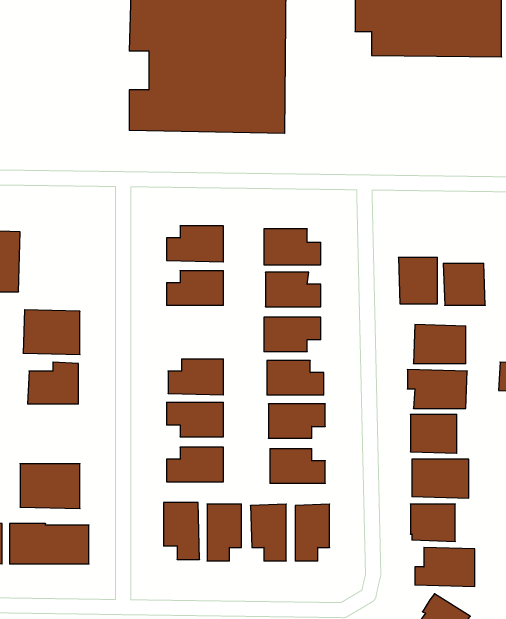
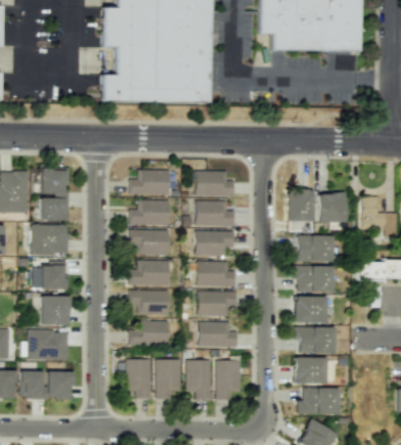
building: none -> [42,168,70,221]
building: none -> [130,227,169,252]
building: none -> [42,296,71,325]

